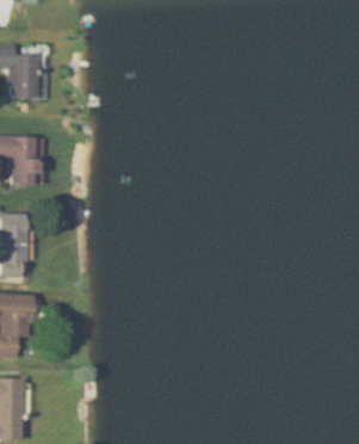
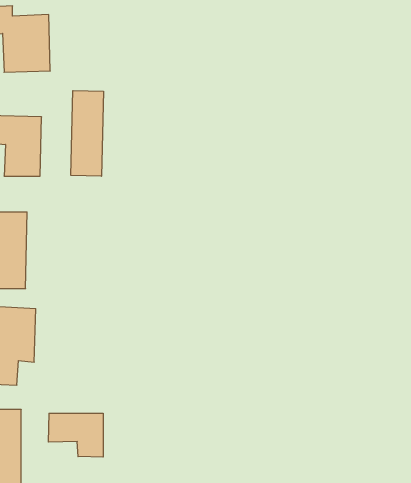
building: none -> [71,91,103,176]
building: none -> [48,413,103,457]

